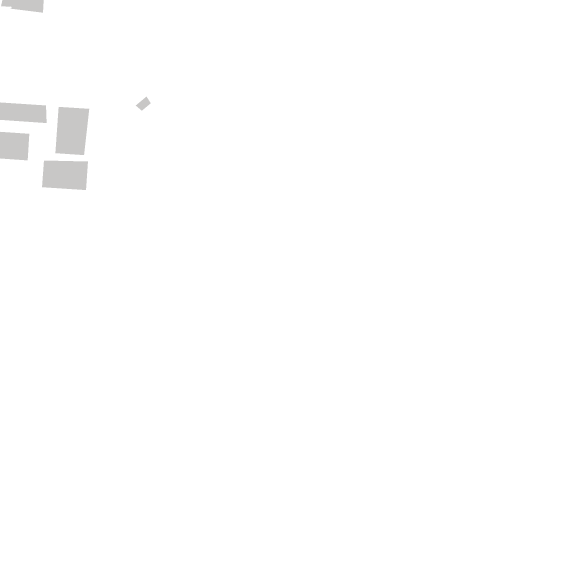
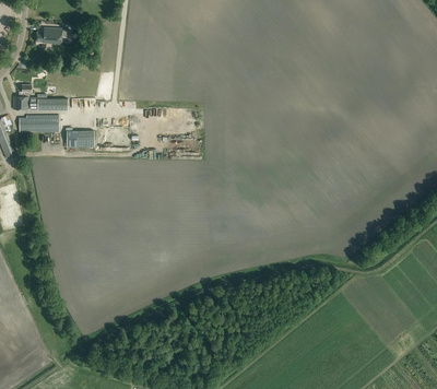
building: [55,106,90,156] -> none

